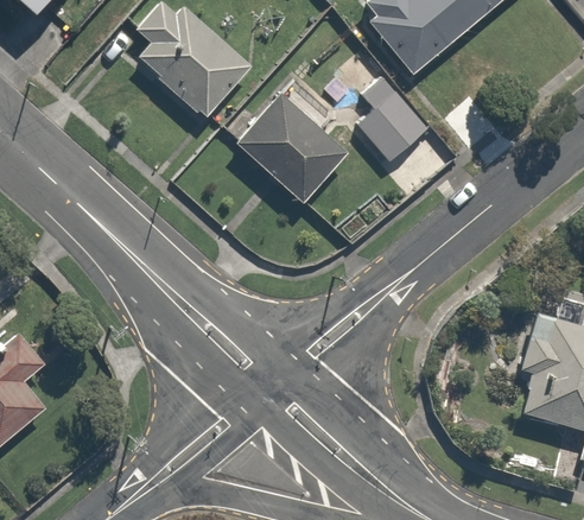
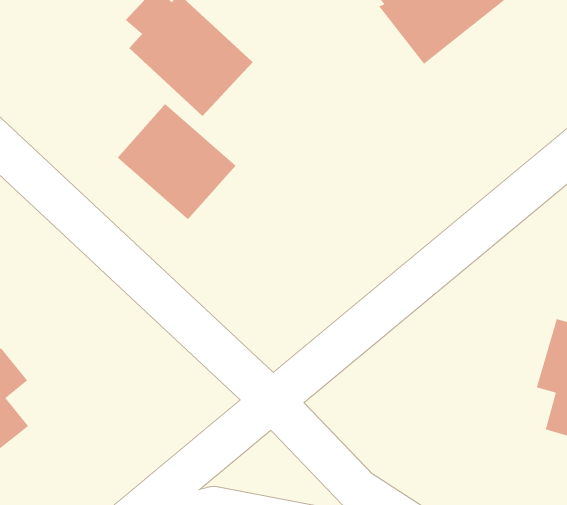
building: [355,71,430,161] -> none
building: [234,91,345,201] -> [117,103,236,220]

